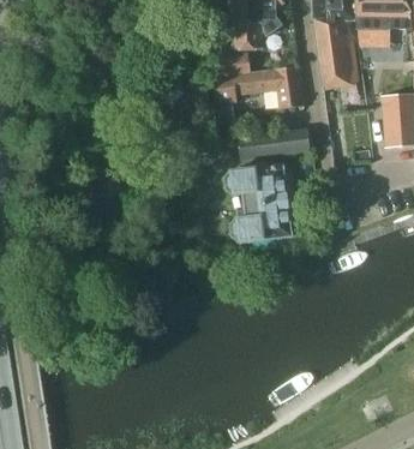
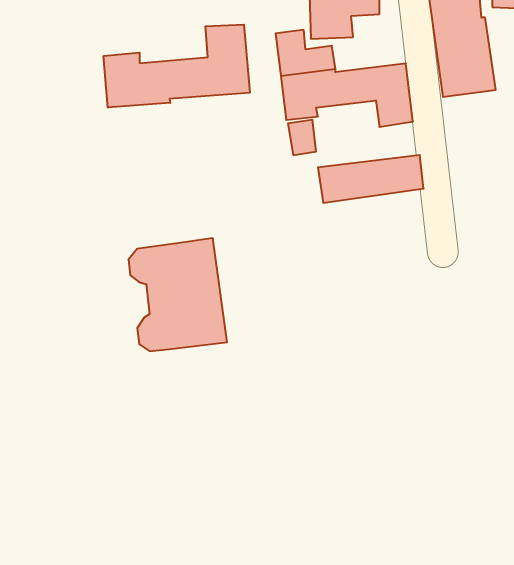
building: none -> [104,25,250,108]
building: [224,166,292,243] -> [128,238,227,351]

